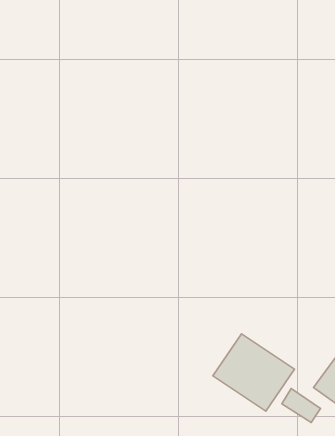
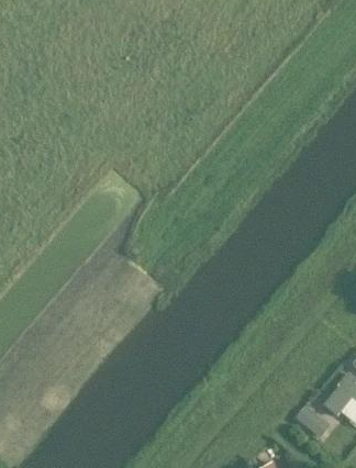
building: [213,334,295,411] -> none

